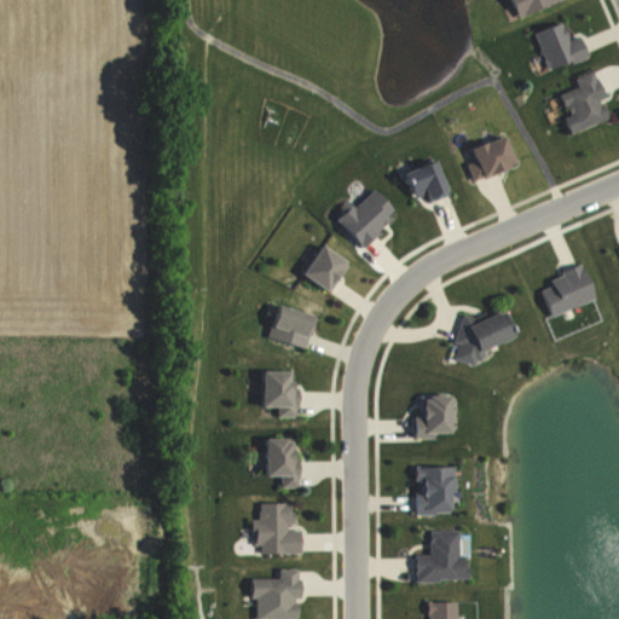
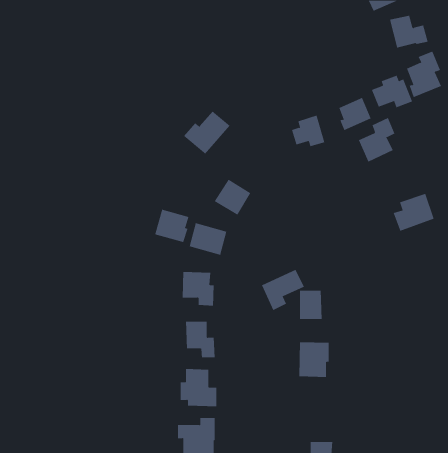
building: none -> [371,75,413,108]
building: none -> [358,117,395,162]
building: [334,189,398,248] -> [183,111,230,154]
building: none -> [154,209,189,243]
building: [453,311,513,368] -> [261,269,305,311]
building: [417,531,470,580] -> none

